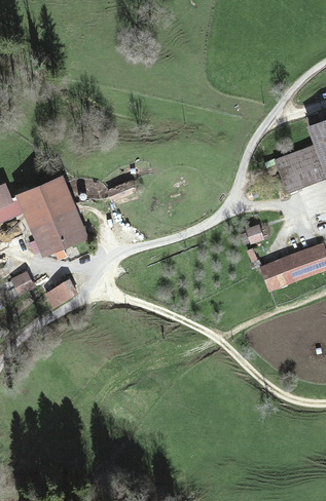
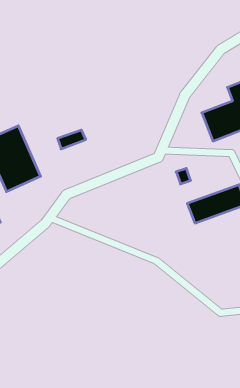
building: [47,279,78,306] -> none

